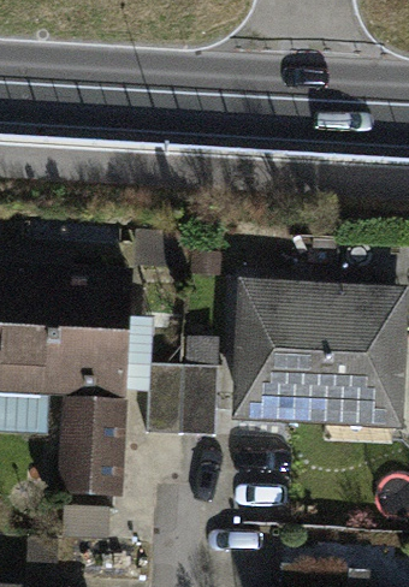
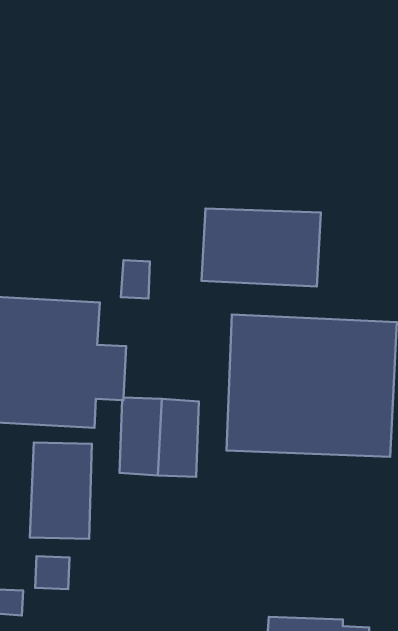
building: none -> [202,209,321,286]

